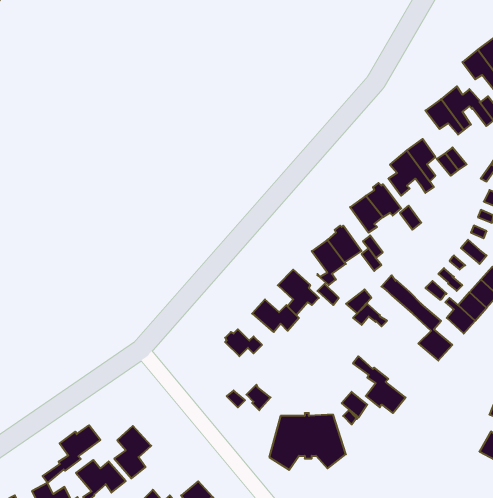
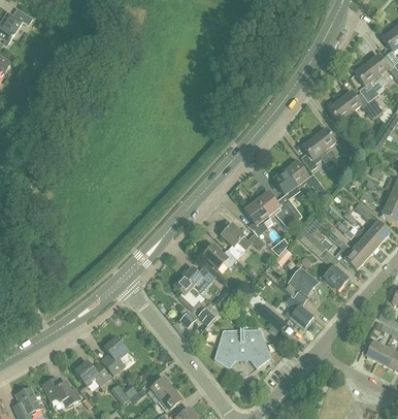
building: none -> [287,266,318,303]
building: none -> [172,276,200,311]
building: [43,425,100,483] -> none

